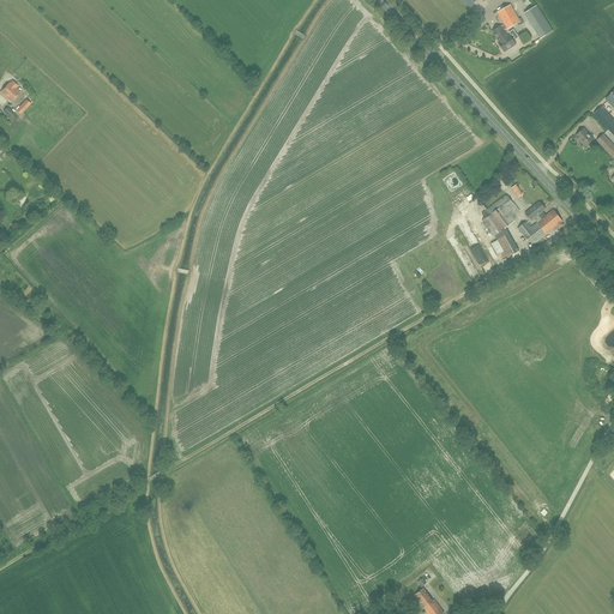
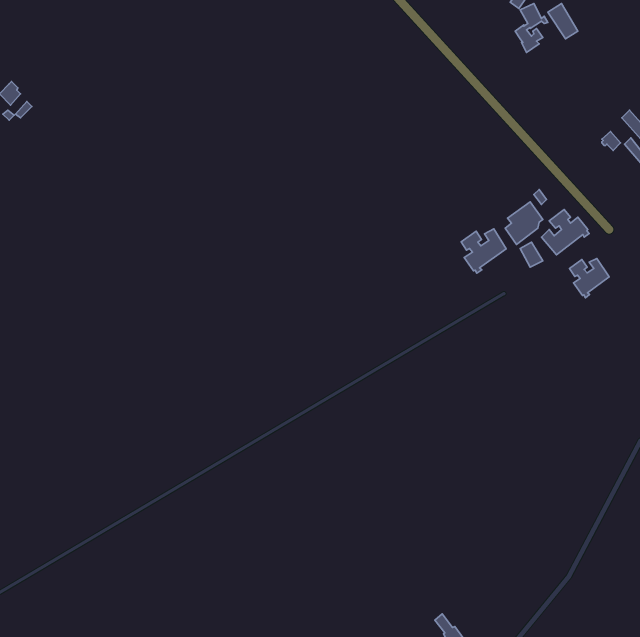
building: none -> [461,229,506,273]
building: none -> [570,258,609,298]

